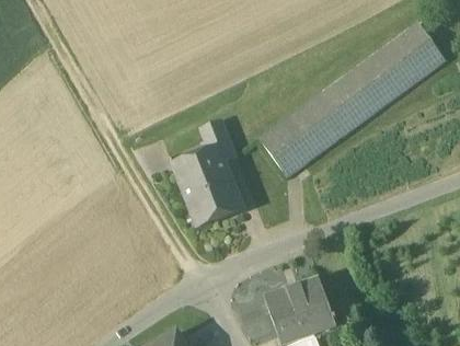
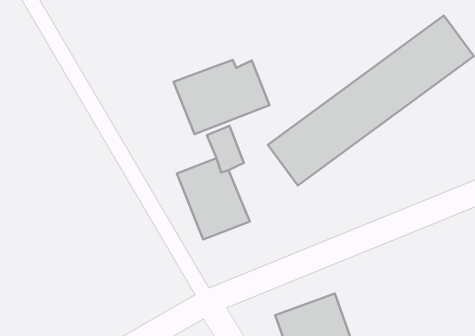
building: none -> [173,60,269,134]

